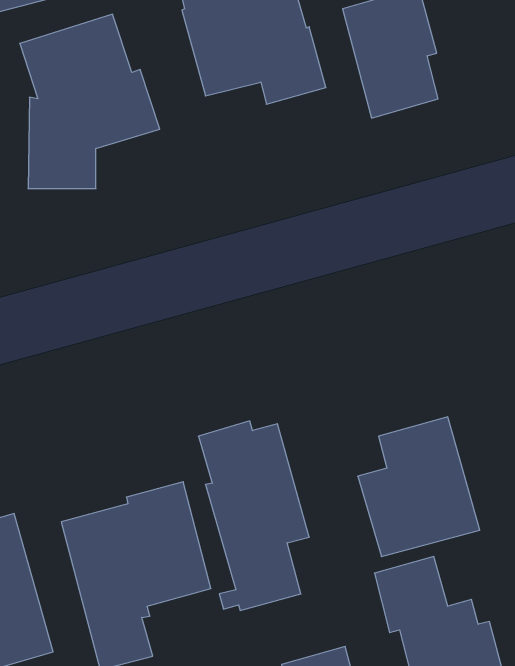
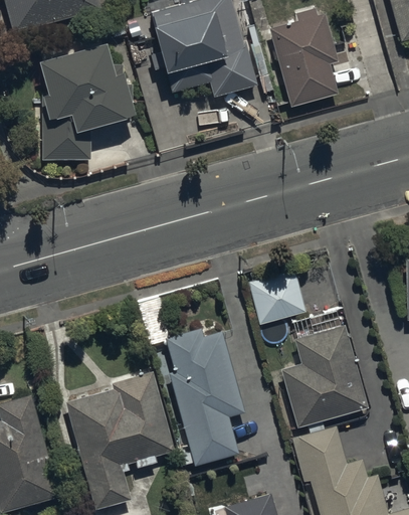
building: none -> [248,271,305,325]

